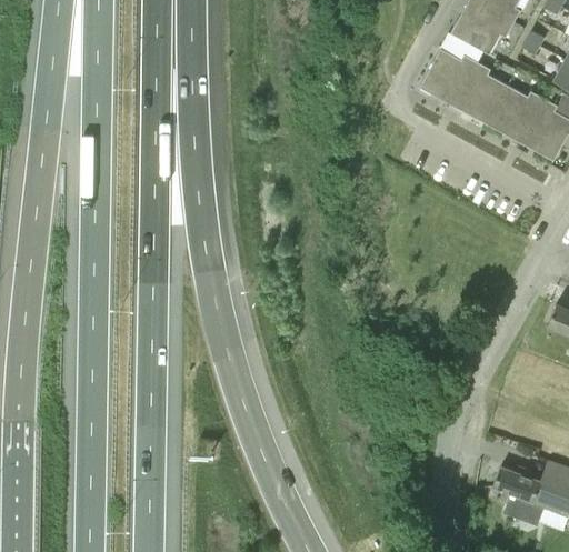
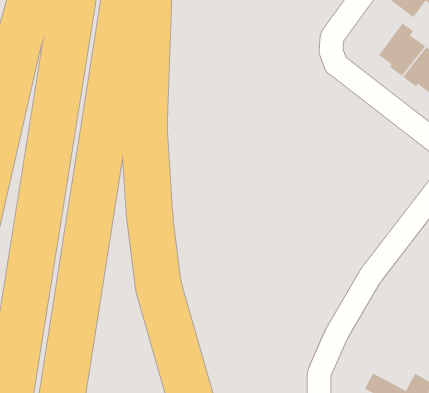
building: [419,49,477,103] -> none

